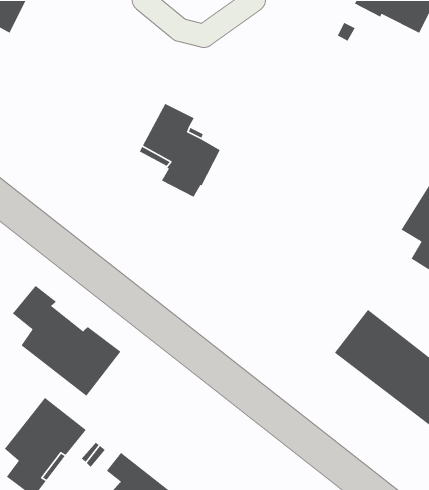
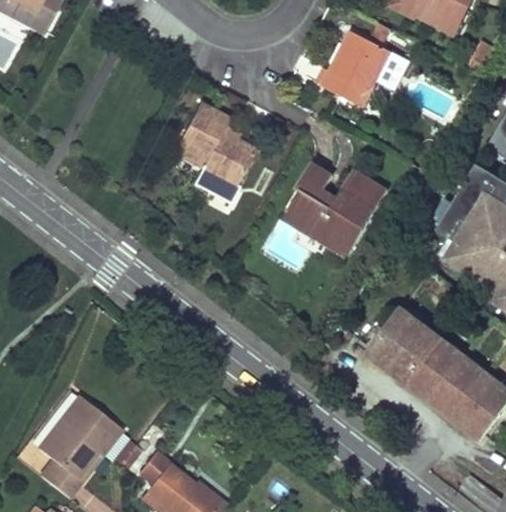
building: none -> [323,30,407,107]
building: none -> [283,162,388,252]
building: [12,285,121,397] -> none

